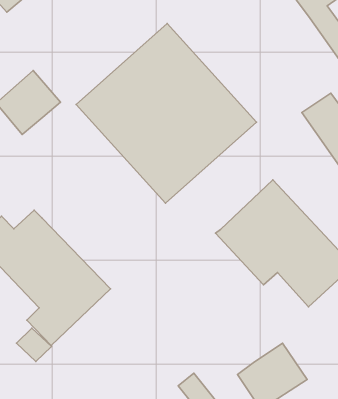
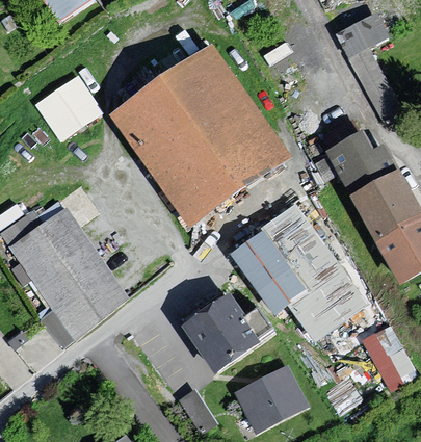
building: none -> [185,294,271,368]

